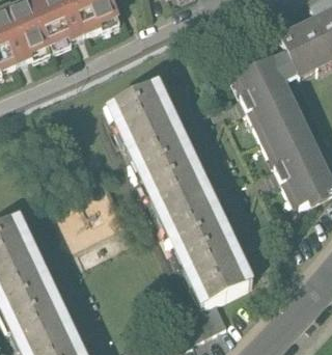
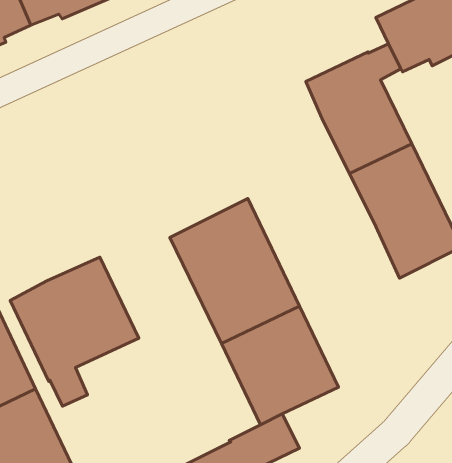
building: [106,83,193,182] -> none
building: none -> [10,257,139,406]

